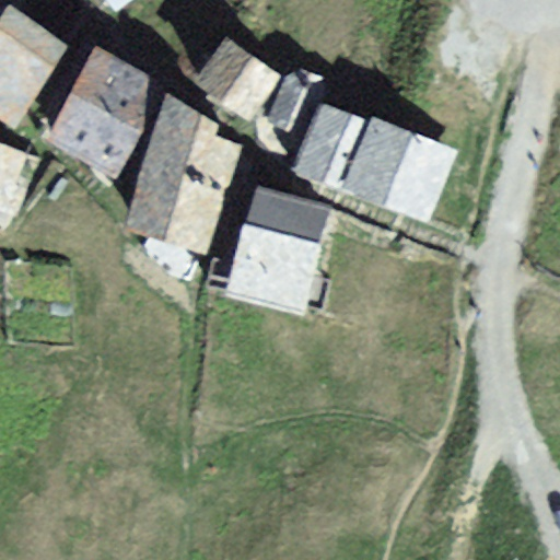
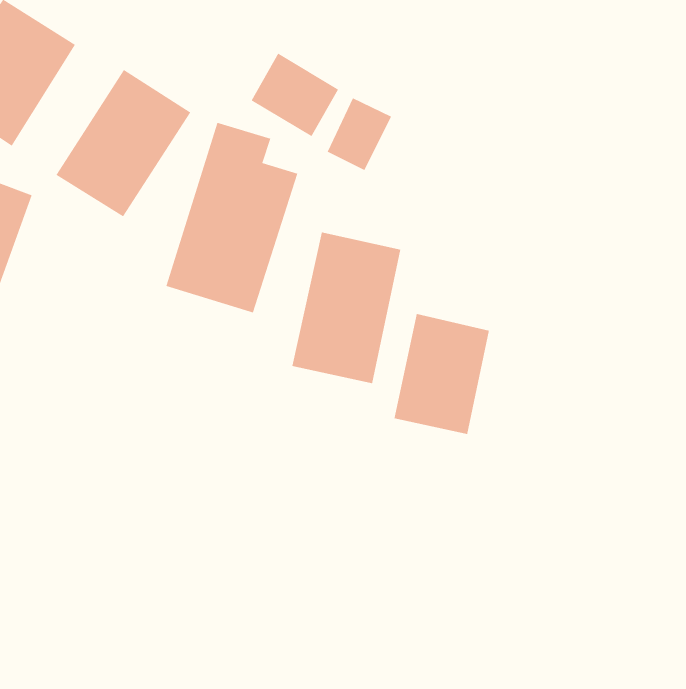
building: [298,102,448,220] -> none
building: none -> [394,313,489,435]

